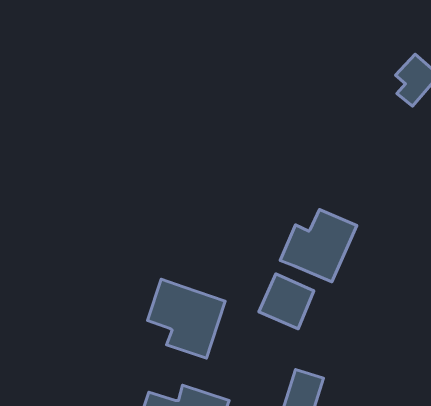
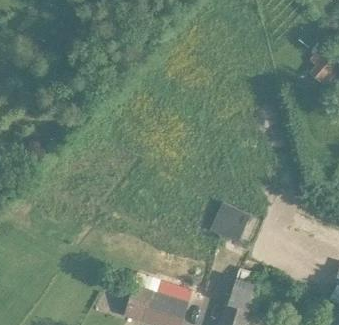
building: [280,209,357,282] -> none
building: [147,279,225,358] -> none

